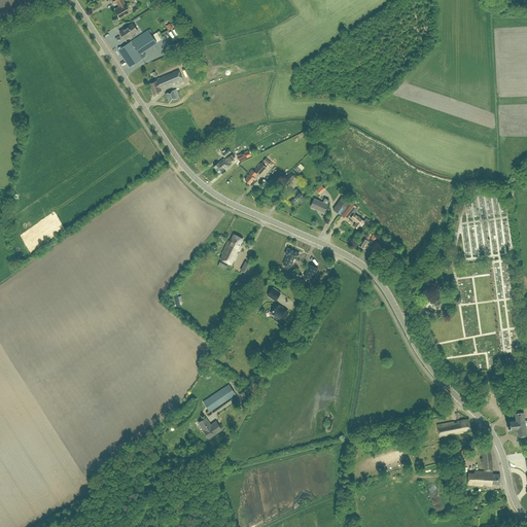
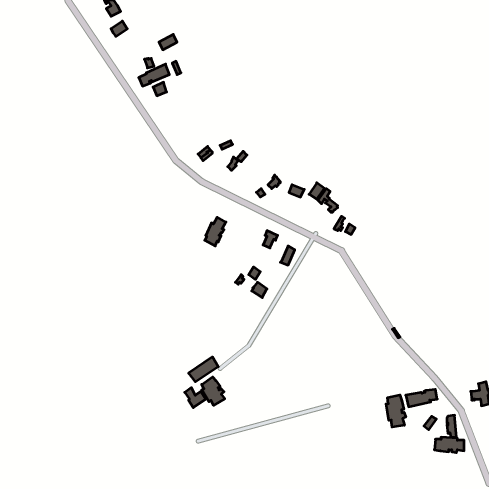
building: [118,30,156,67] -> none
building: none -> [202,377,225,405]
building: none -> [386,395,406,427]

